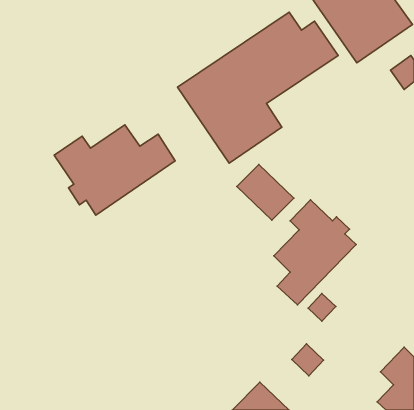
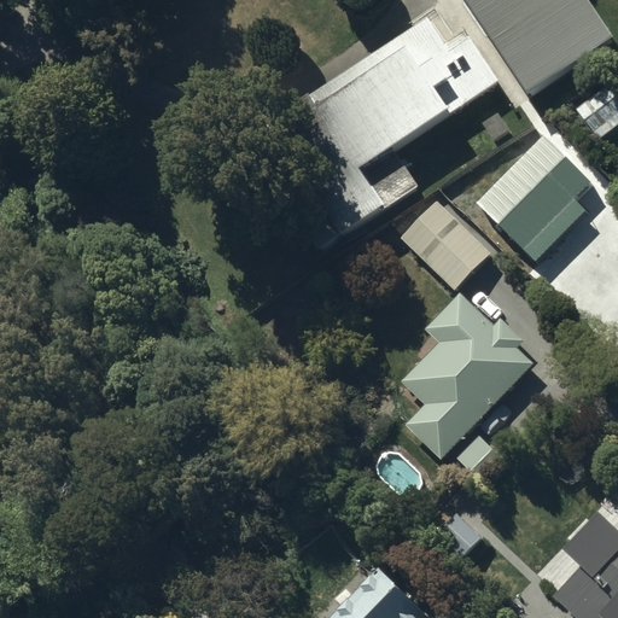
building: none -> [477,135,590,260]
building: [54,125,175,215] -> none
building: [237,165,294,220] -> [402,203,486,285]

